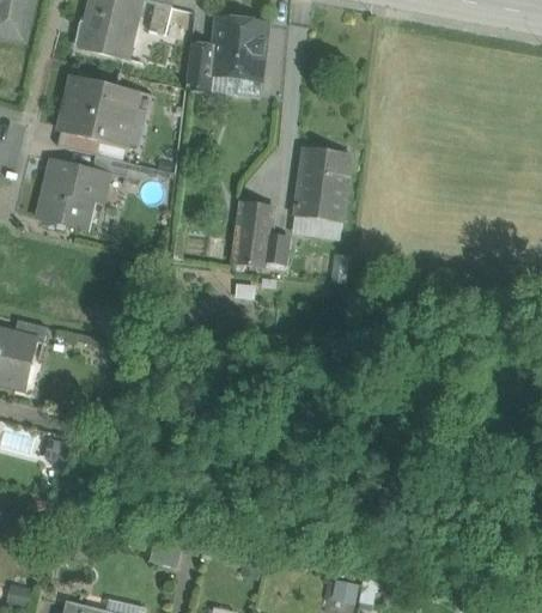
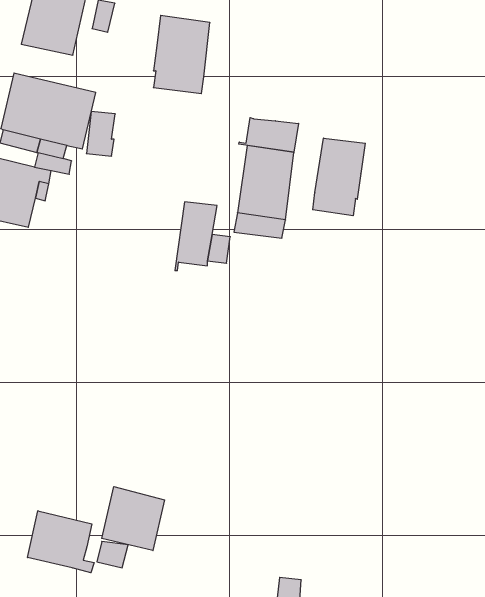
building: [184,44,213,89] -> [86,111,115,156]
building: none -> [239,118,299,152]
building: none -> [313,138,365,216]
building: none -> [102,487,165,551]
building: none -> [28,511,94,573]

